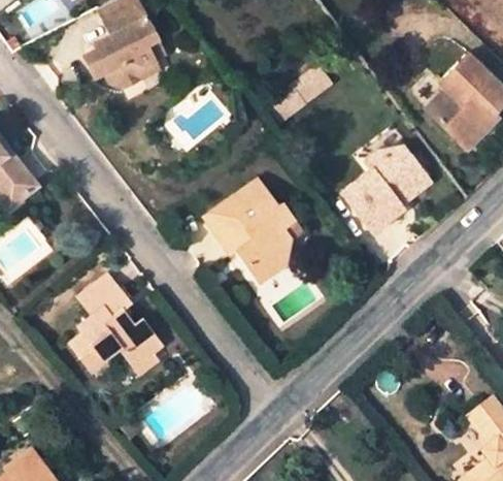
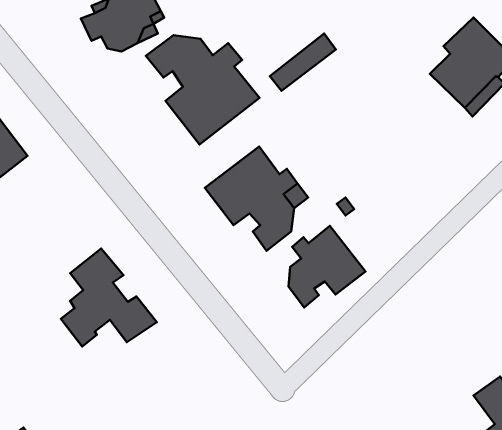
building: none -> [146,35,260,145]
building: [342,146,429,232] -> none
building: none -> [288,226,365,307]

